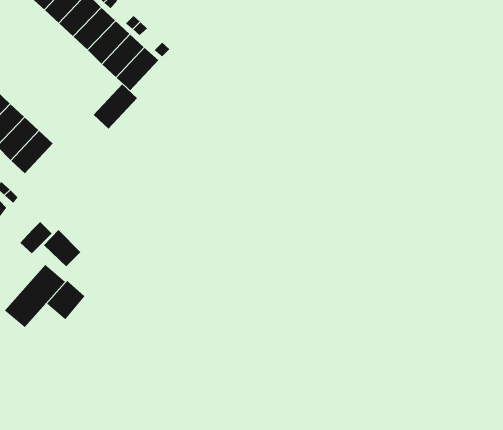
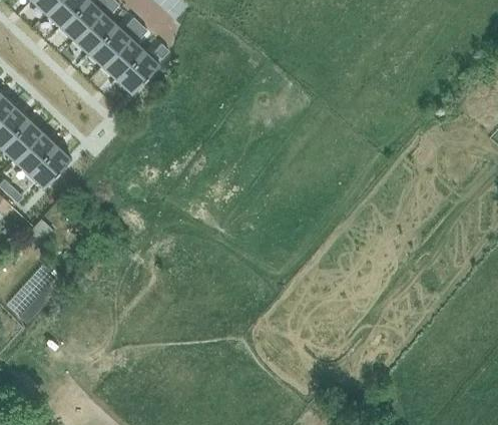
building: [93,84,138,130] -> none
building: none -> [27,143,69,186]
building: [43,229,81,267] -> none
building: [46,280,85,320] -> none

